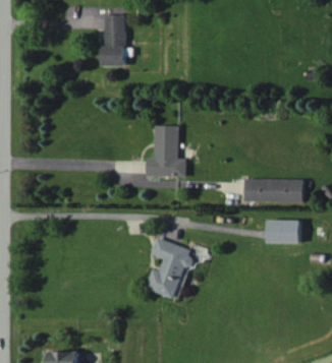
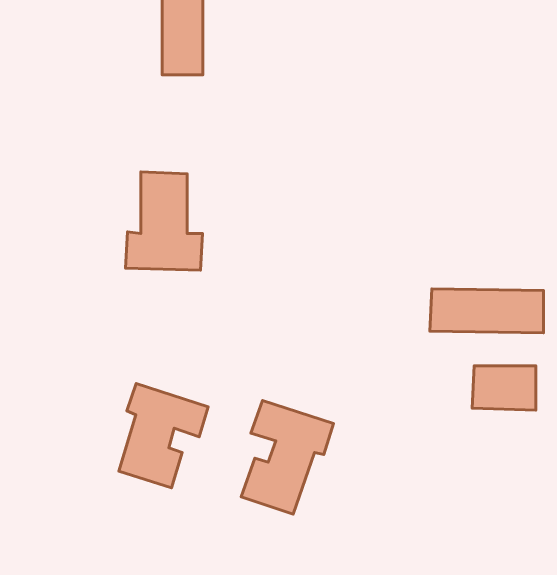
building: [147,125,187,177] -> [126,172,203,270]
building: none -> [119,383,208,488]

